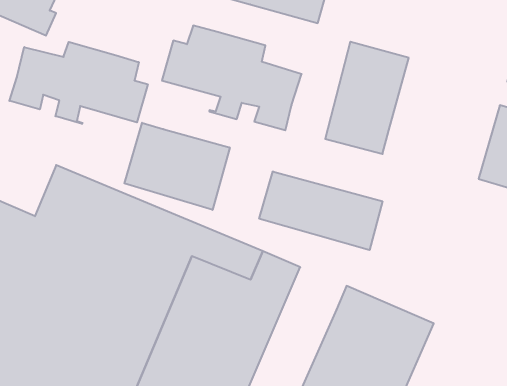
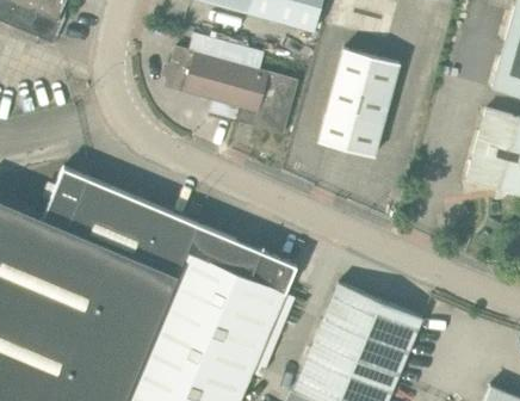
building: [9,42,148,124] -> none
building: [124,123,230,210] -> none
building: [259,171,382,250] -> none

